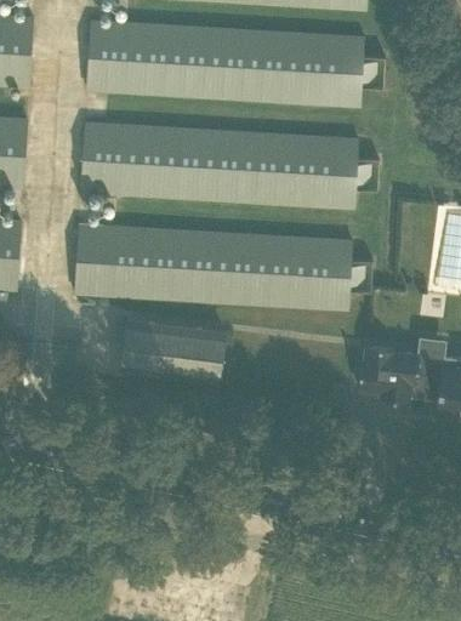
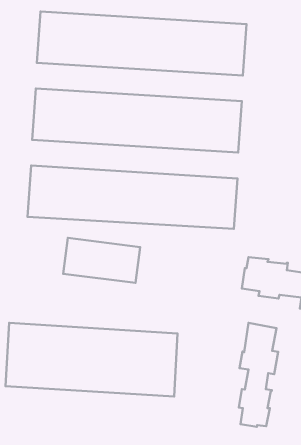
building: none -> [239,323,278,427]
building: none -> [5,323,178,397]

